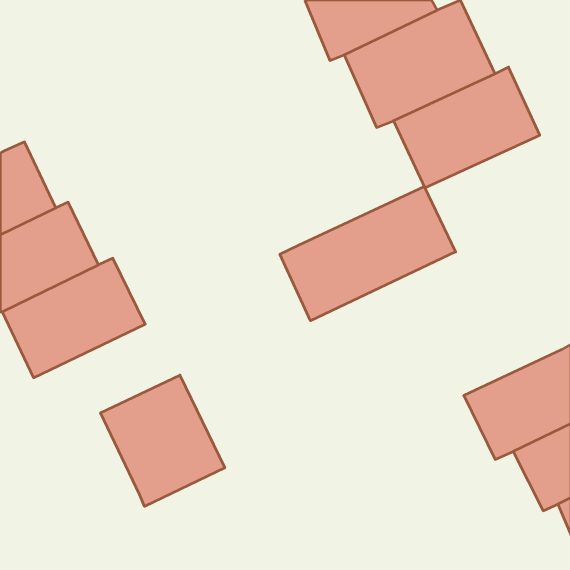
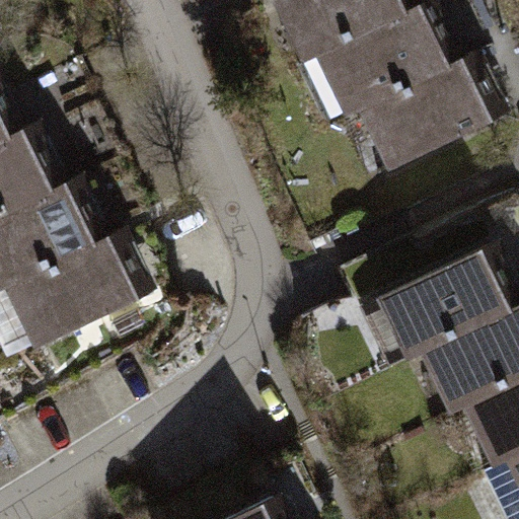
building: [280,186,456,321] -> none
building: none -> [358,247,510,374]
building: [101,375,225,506] -> none

